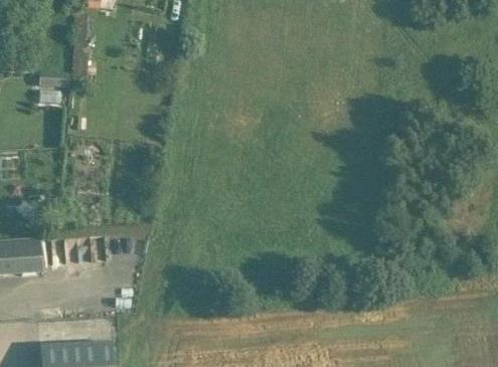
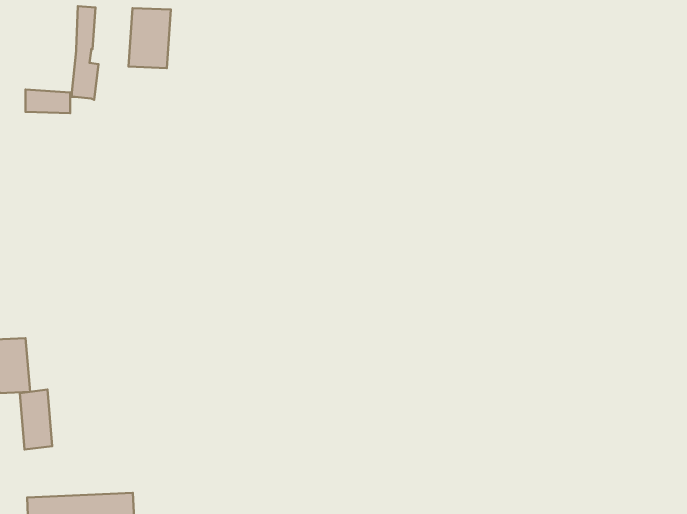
building: none -> [128,8,171,68]
building: none -> [20,390,52,450]

